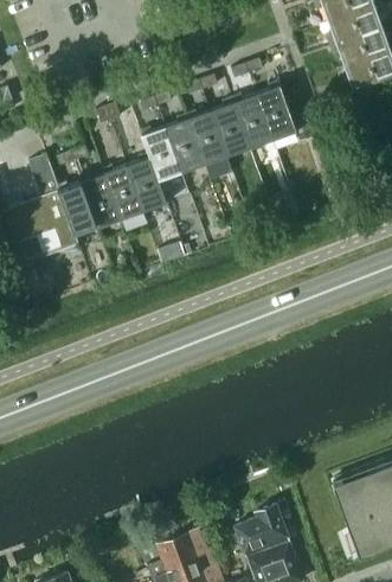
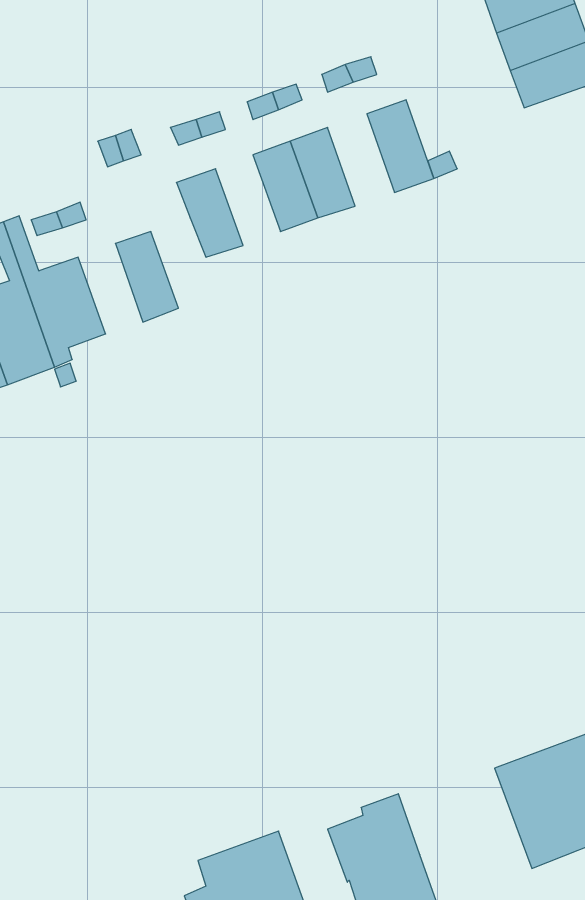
building: [233,94,274,149] -> none
building: [166,119,205,173] -> none
building: [127,156,168,211] -> none
building: [83,172,122,226] -> none

